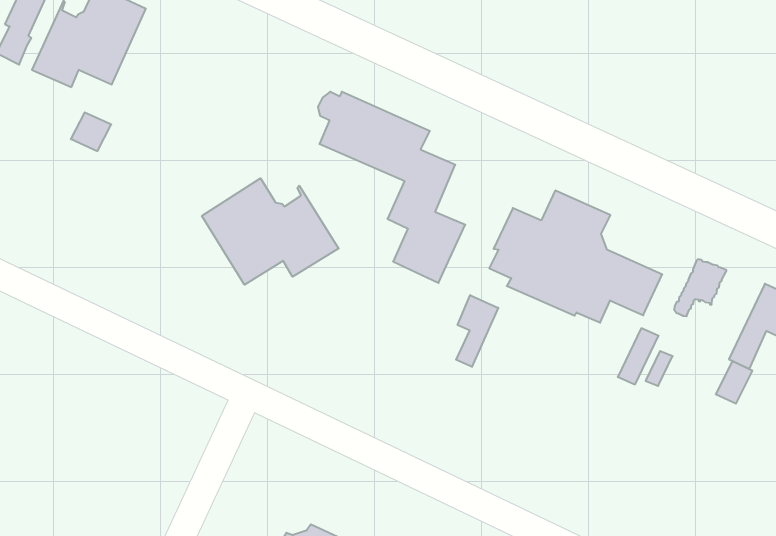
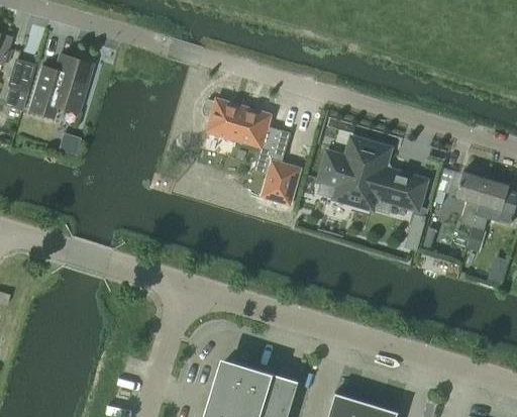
building: [202,178,339,285] -> none
building: none -> [457,171,488,226]
building: [456,295,498,367] -> none

